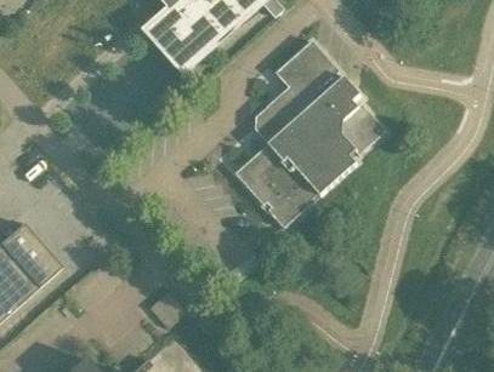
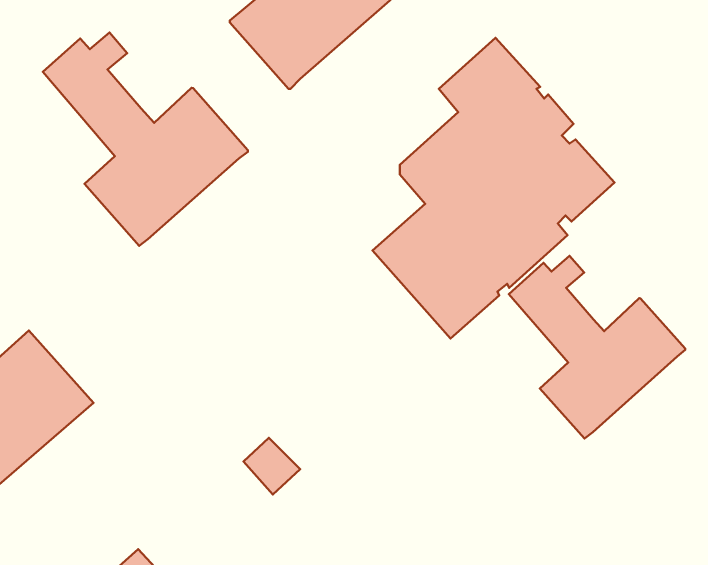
building: none -> [43,33,248,246]
building: none -> [509,256,685,439]

